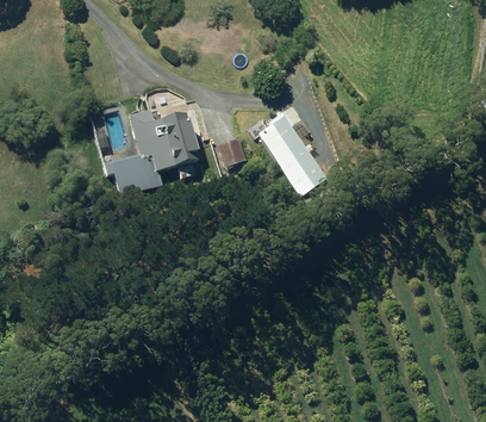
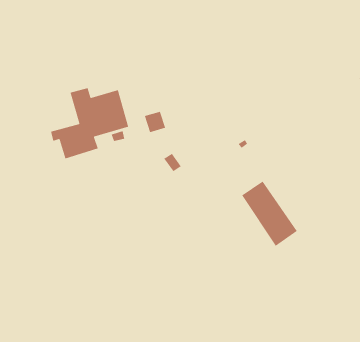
building: [258,117,328,198] -> [241,180,298,247]

